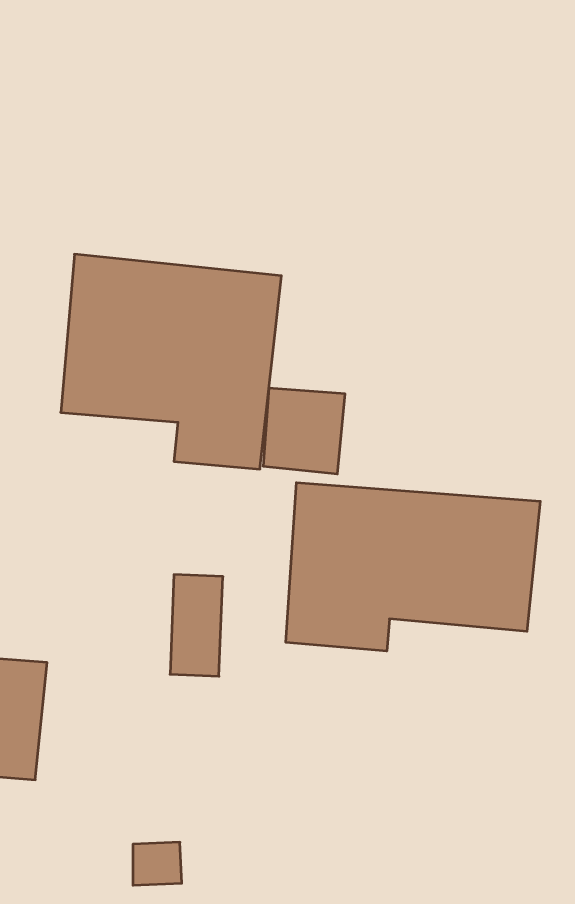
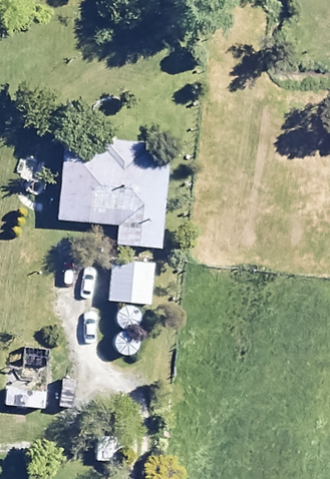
building: [263,388,345,474] -> [109,261,151,305]
building: [286,483,540,651] -> none

